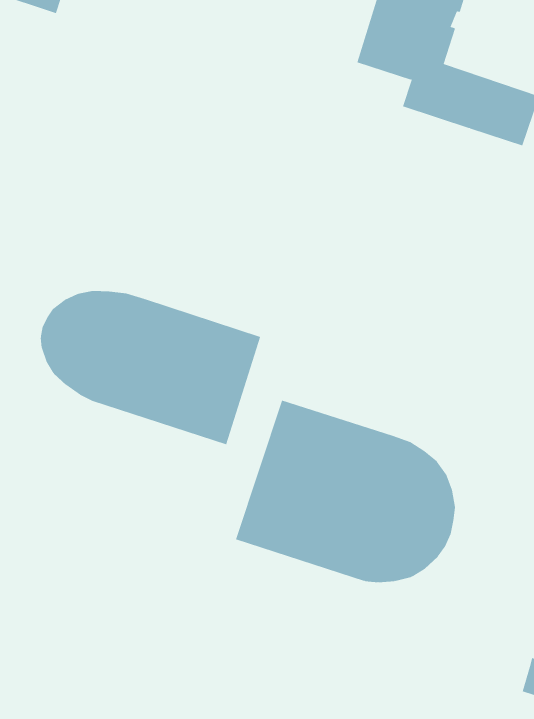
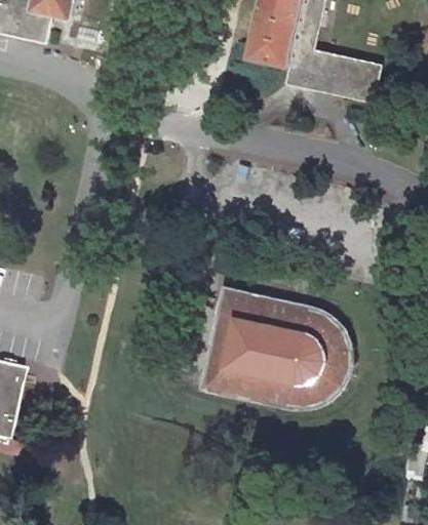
building: [40,290,261,445] -> none

